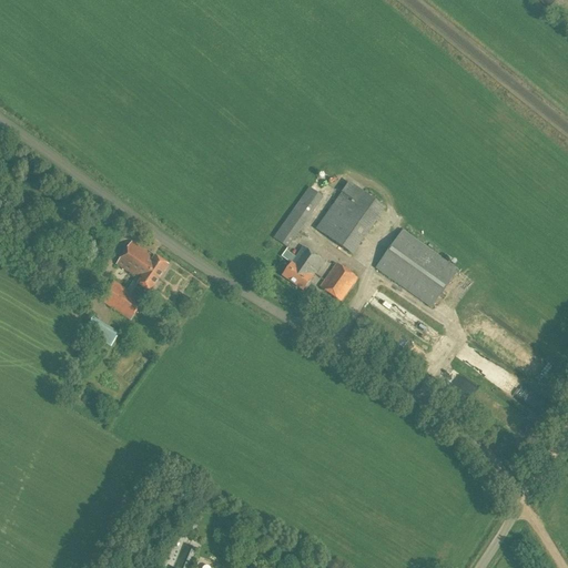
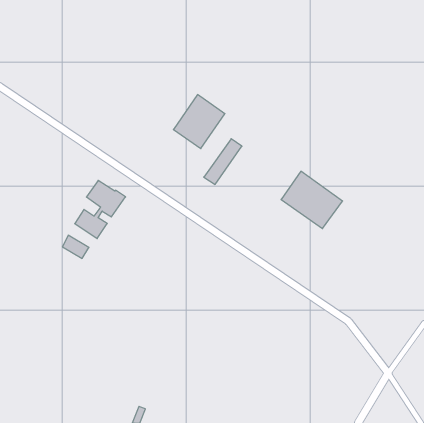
building: [315,181,384,253] -> [173,95,225,149]
building: [281,245,323,288] -> none
building: [320,262,356,300] -> none

